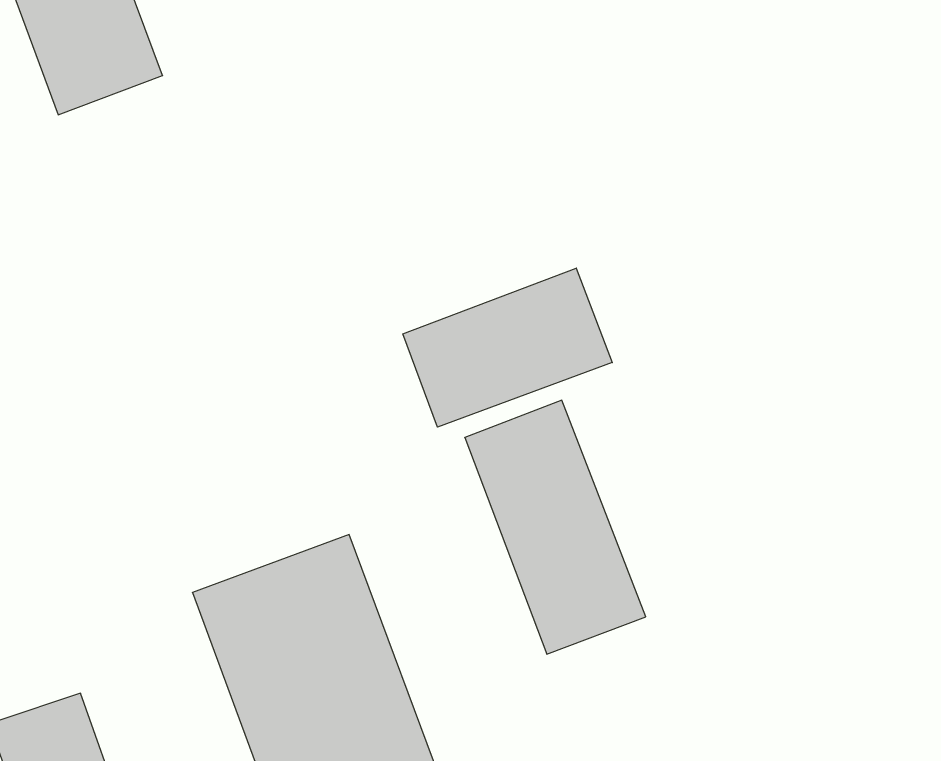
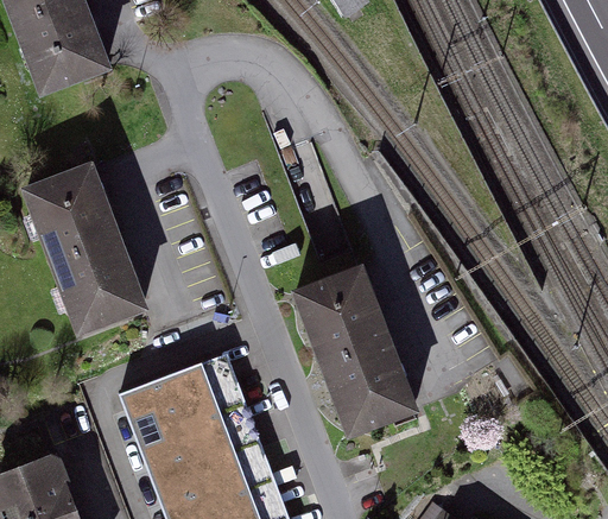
building: none -> [28,170,139,330]
building: [403,268,612,427] -> none

